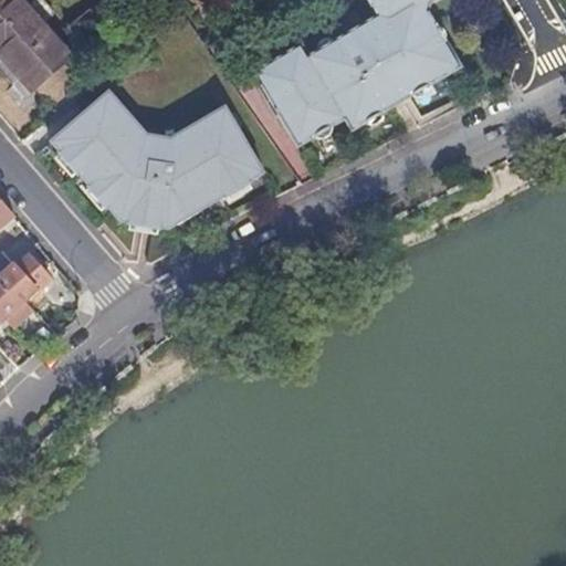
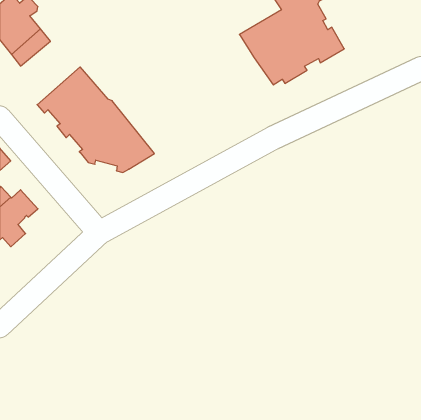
building: [254,43,366,145] -> none
building: [150,106,264,206] -> none

